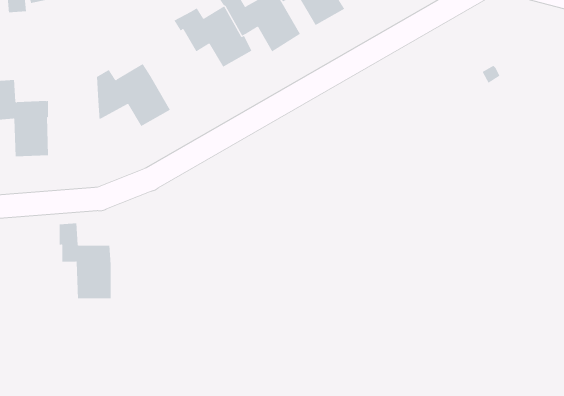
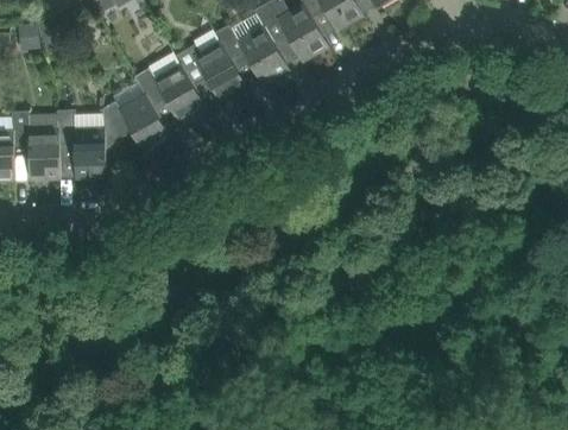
building: none -> [133,64,204,121]
building: [59,223,111,299] -> [57,108,105,177]

